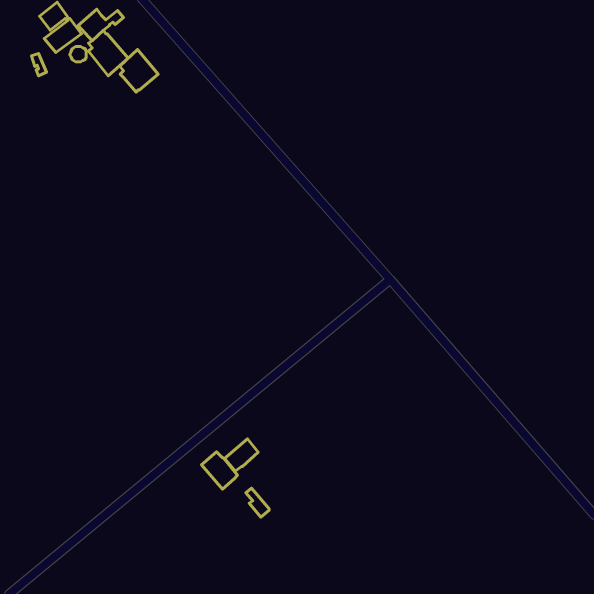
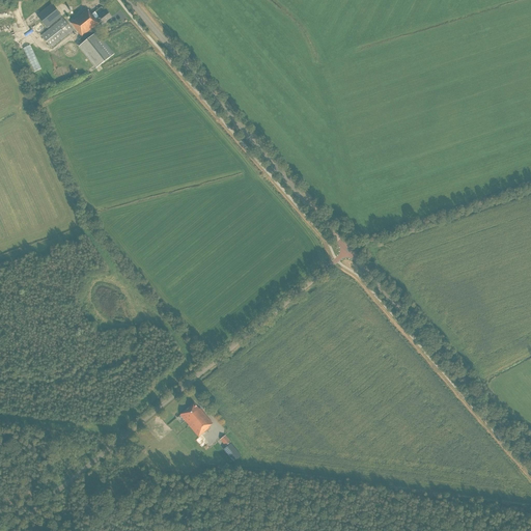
building: [120,50,158,92] -> none
building: [224,439,258,471] -> none

